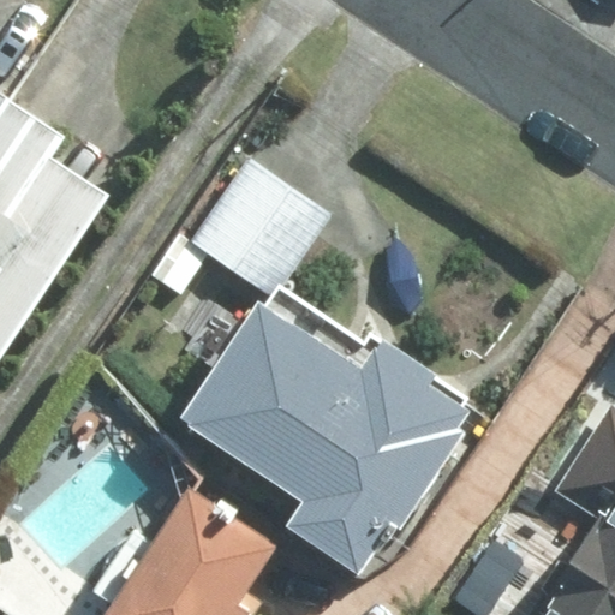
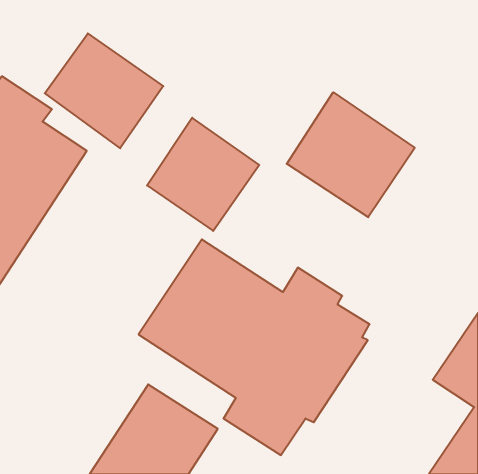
building: none -> [45,33,163,148]
building: none -> [287,92,415,217]

